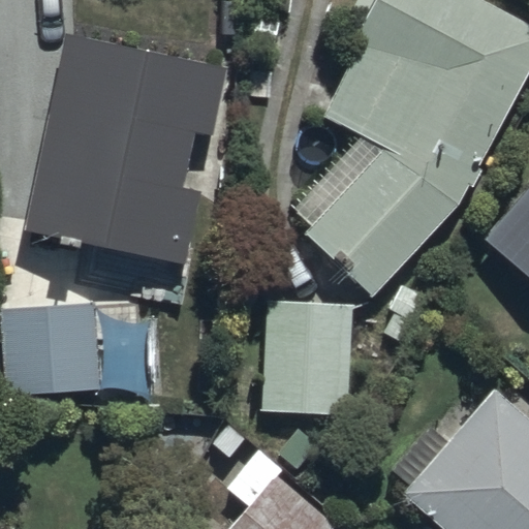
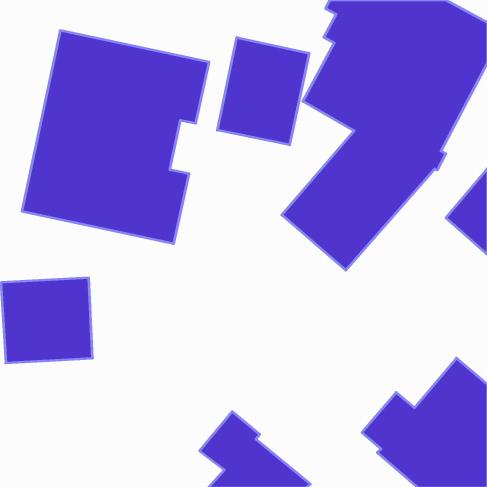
building: none -> [217,37,309,145]
building: [258,303,354,416] -> none

